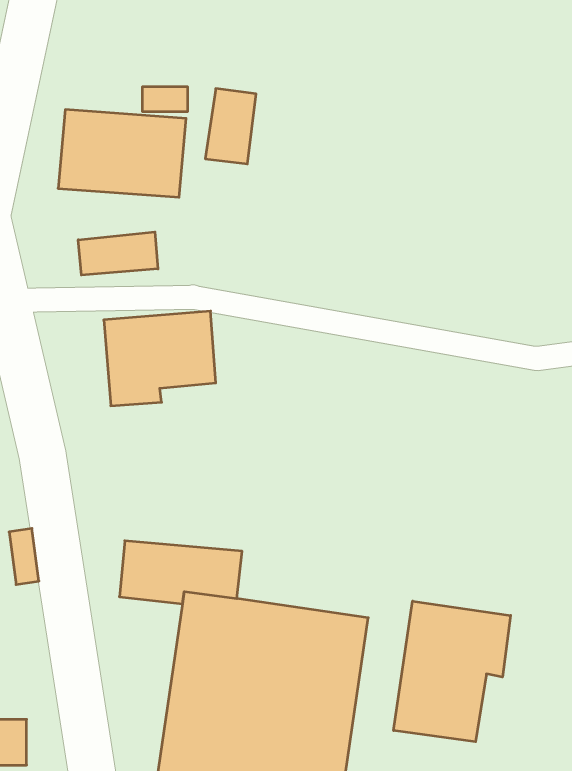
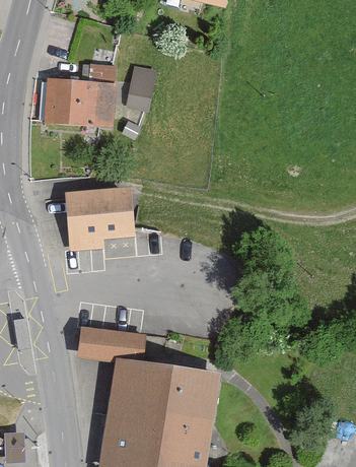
building: [78,232,158,275] -> none
building: [394,601,511,742] -> none

